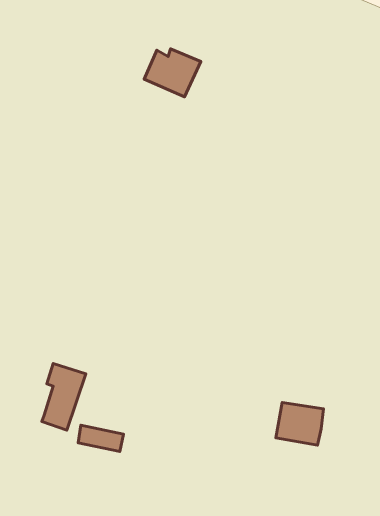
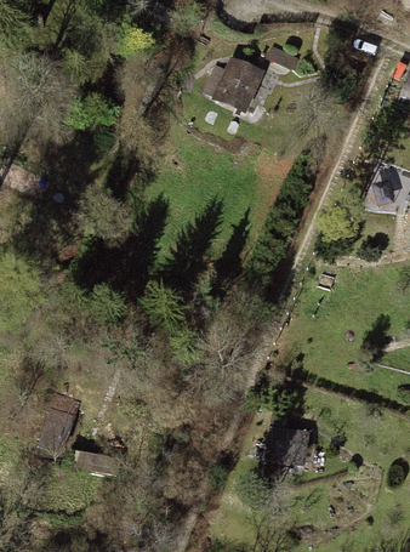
building: [144,49,201,97] -> [209,63,263,109]

